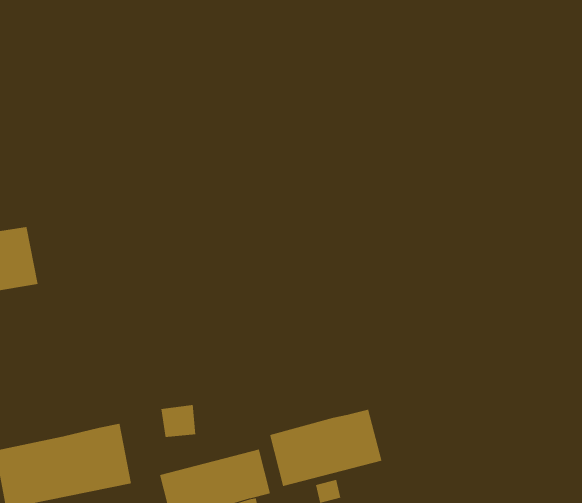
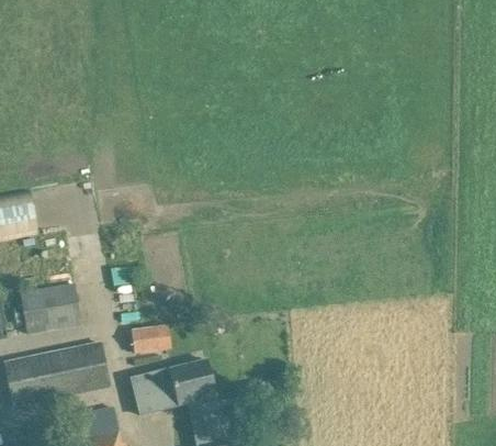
building: none -> [21,281,81,332]
building: [269,409,382,487] -> none

